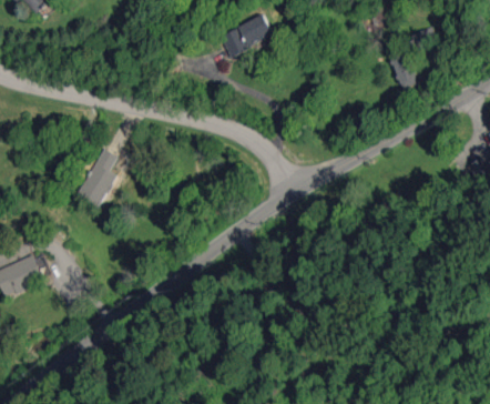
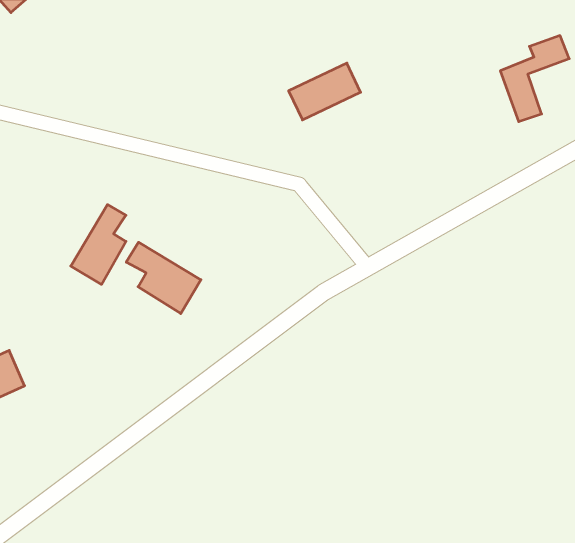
building: [220,14,272,55] -> [289,63,361,120]
building: none -> [126,242,201,314]

